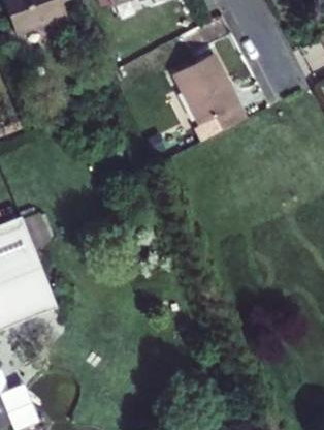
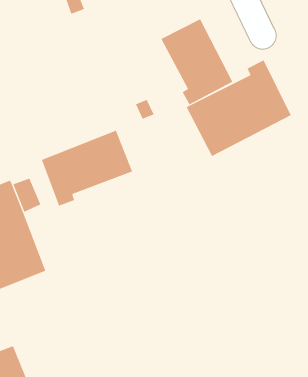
building: none -> [186,60,292,157]
building: none -> [41,130,133,206]

